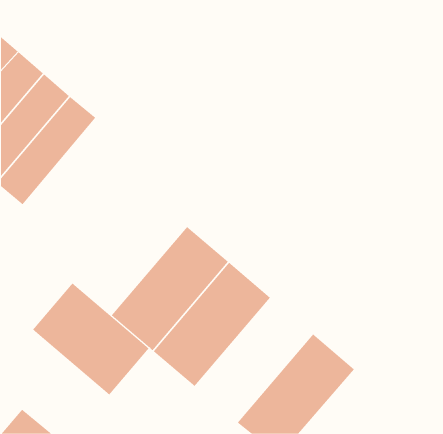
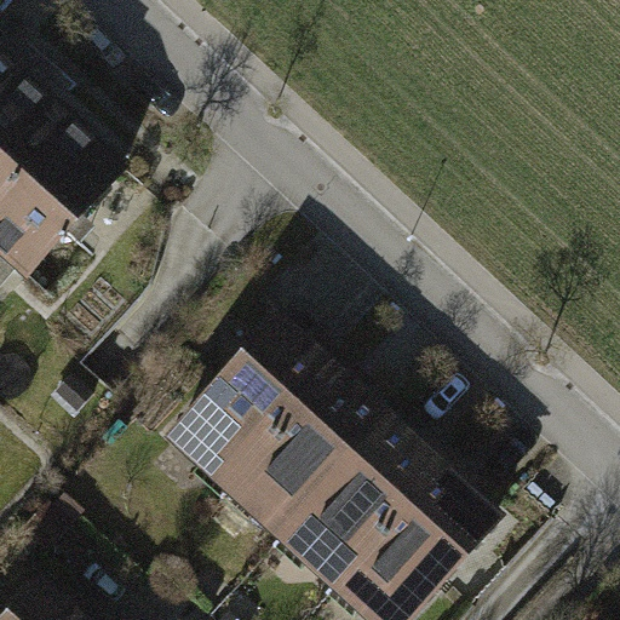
building: [32,283,150,395] -> none
building: none -> [275,413,438,586]

